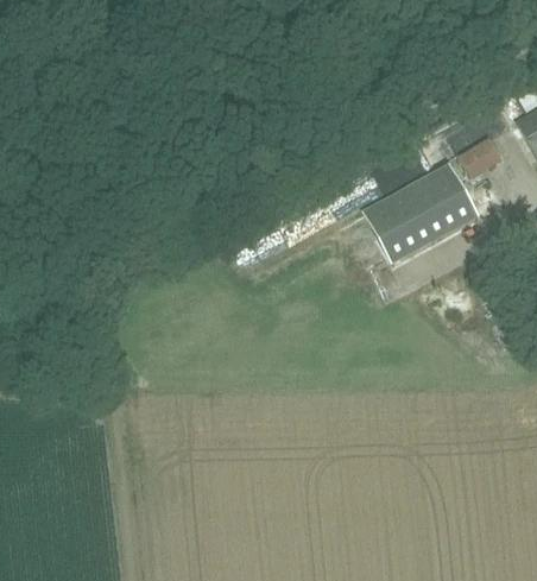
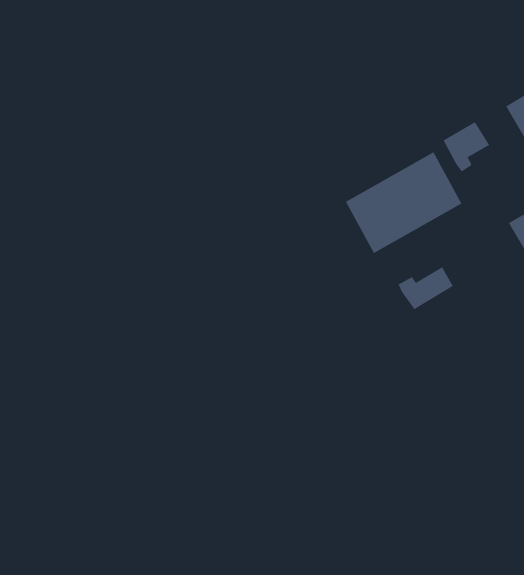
building: none -> [397,266,454,310]

